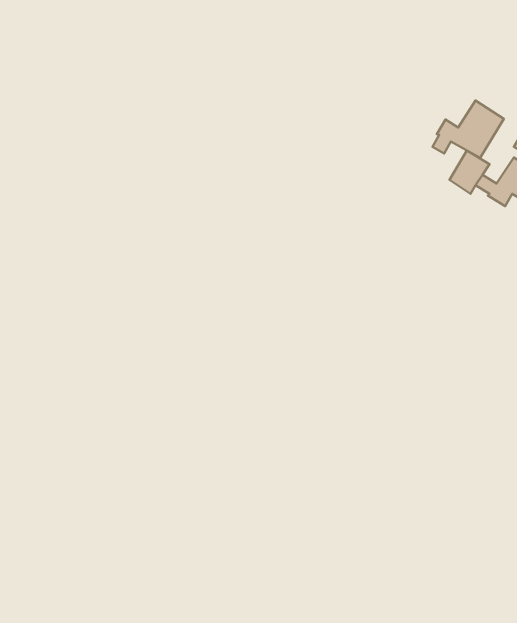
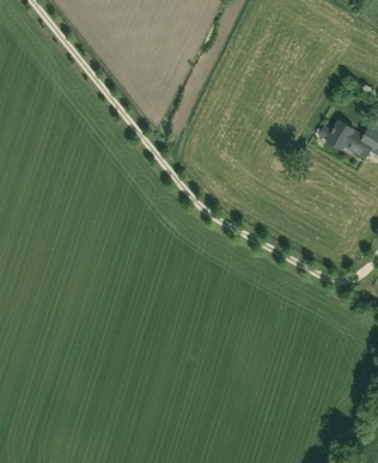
building: [432,100,504,158] -> none

